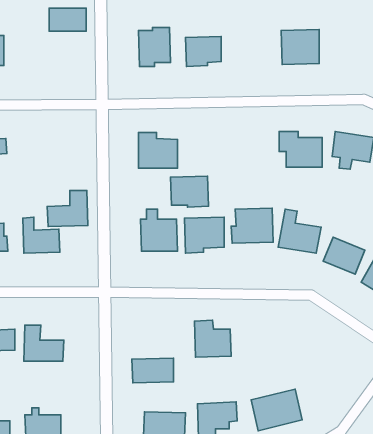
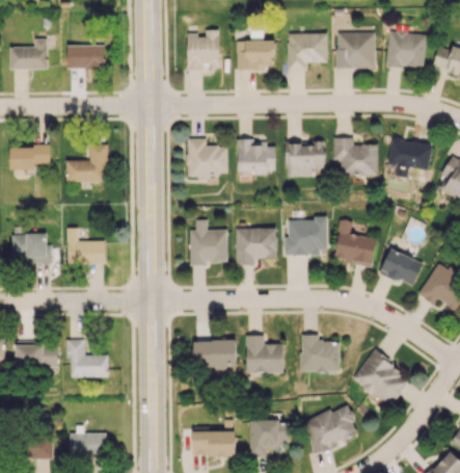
building: [49,8,86,31] -> [66,45,105,69]
building: none -> [386,31,426,69]
building: none -> [288,33,327,70]
building: none -> [289,141,325,177]
building: [171,176,209,207] -> [237,141,276,174]
building: [47,190,88,226] -> [65,144,108,182]
building: none -> [300,335,340,372]
building: none -> [353,352,410,406]
building: [132,358,174,383] -> [192,341,236,367]

